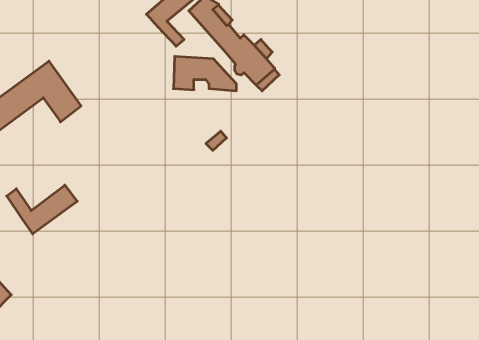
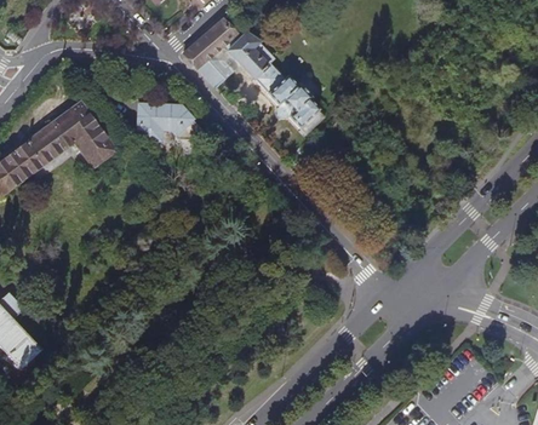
building: [173,56,236,91] -> [137,103,204,139]
building: [7,185,77,234] -> none

